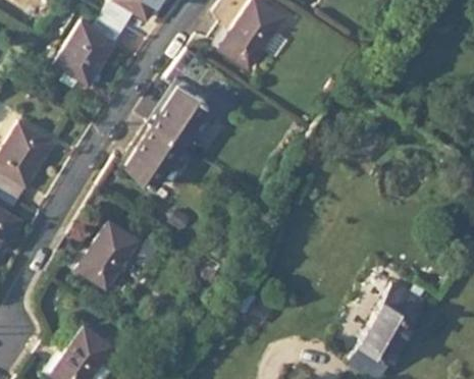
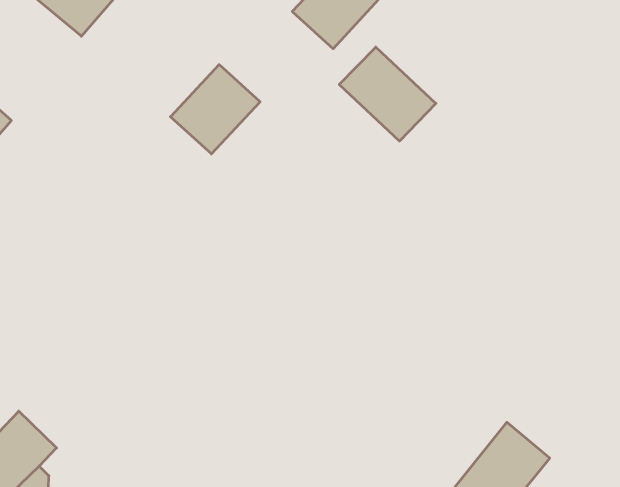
building: none -> [339,47,436,141]
building: [126,126,181,184] -> none
building: [77,223,138,288] -> none

